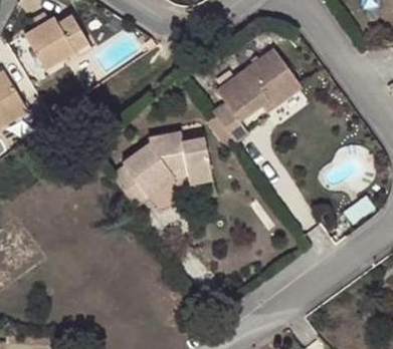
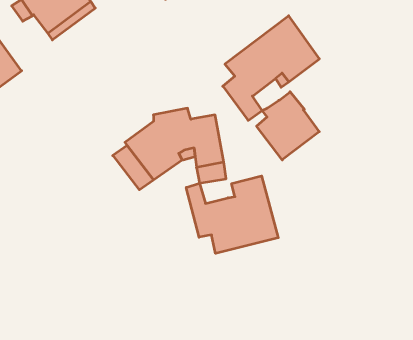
building: none -> [257,92,319,160]
building: none -> [186,176,278,253]

